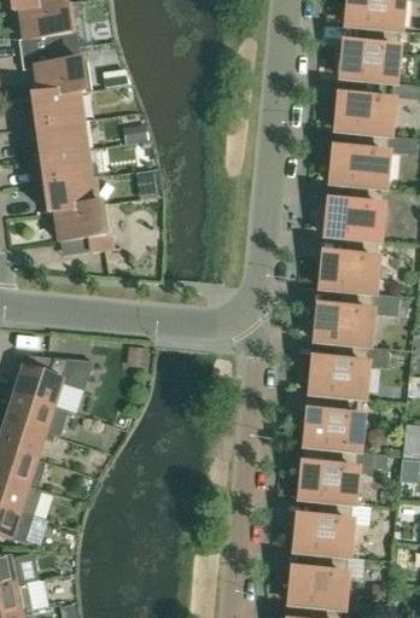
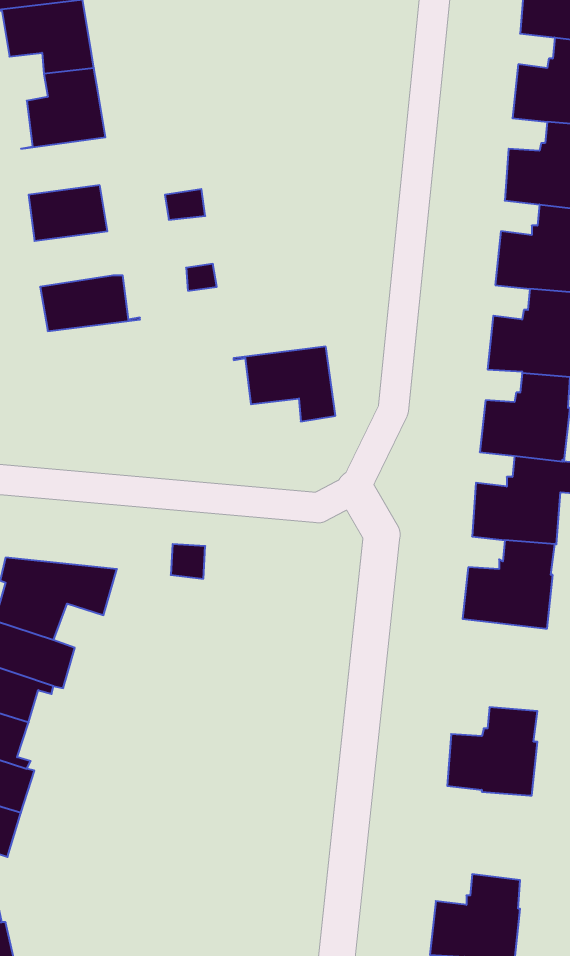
building: [33,91,86,127] -> none
building: [41,150,91,185] -> none
building: [49,205,113,252] -> [234,347,335,421]
building: [301,396,362,451] -> none
building: [294,502,352,558] -> none

